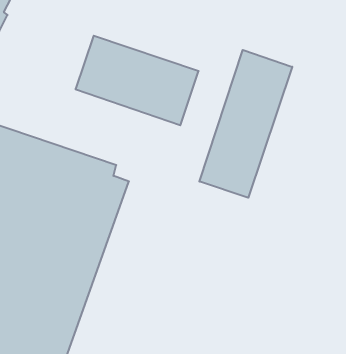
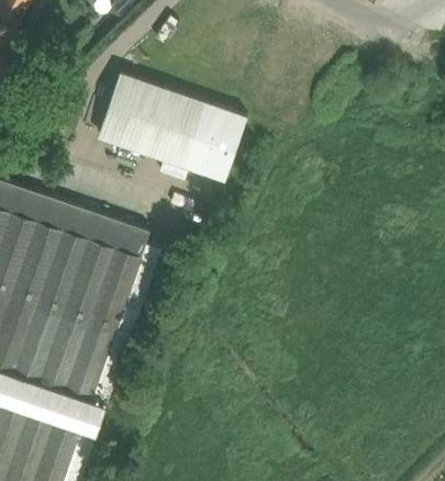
building: [199,50,292,198] -> none

